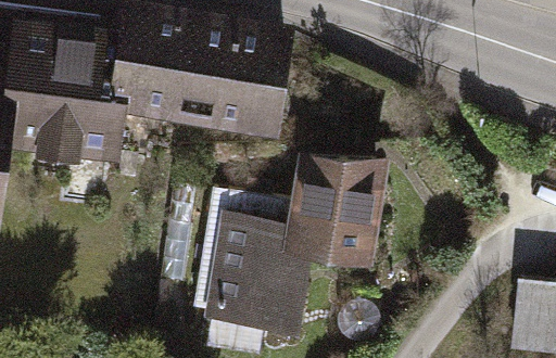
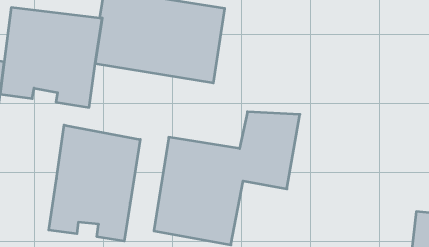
building: none -> [49,125,140,241]

